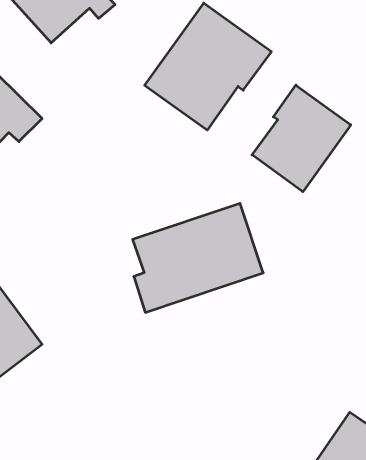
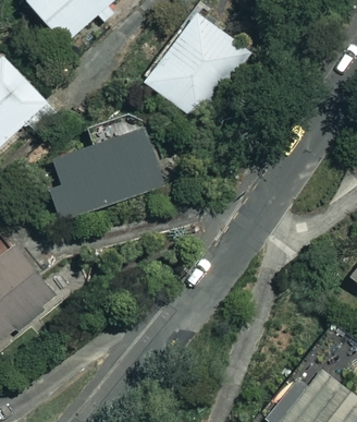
building: [252,85,351,192] -> none
building: [133,203,263,312] -> [52,128,163,220]

